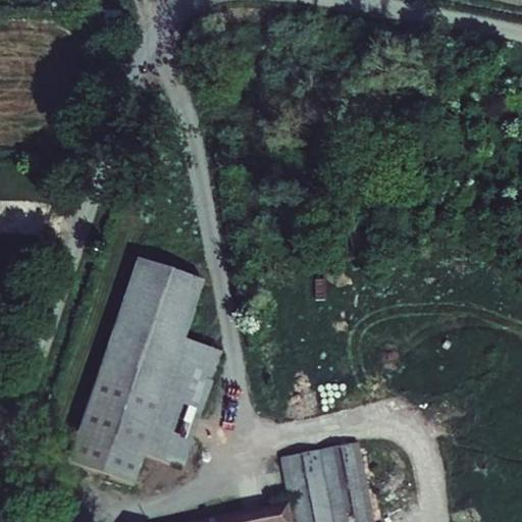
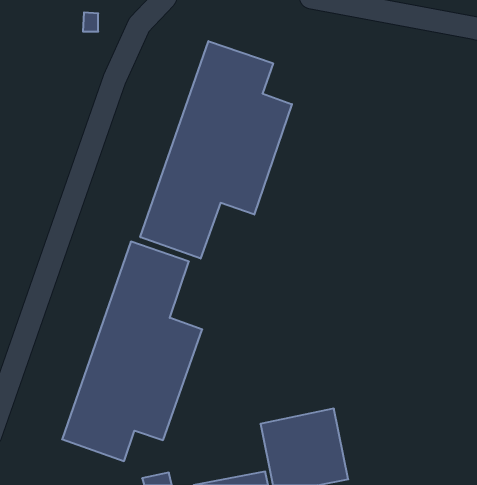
building: none -> [140,41,292,259]

